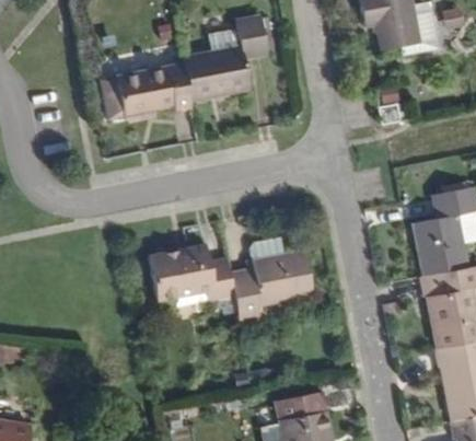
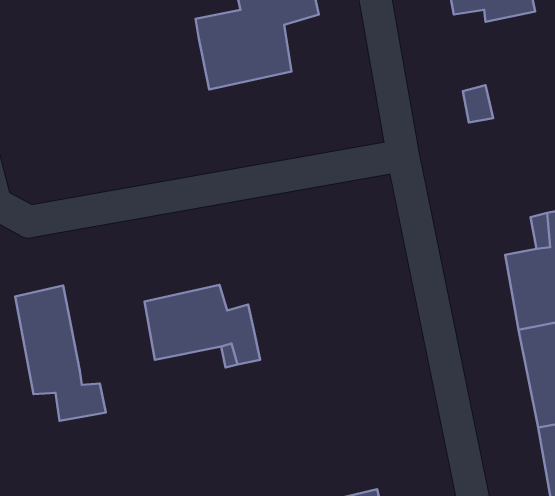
building: [107,63,197,117] -> none
building: [230,241,311,322] -> none
building: none -> [15,285,106,421]

